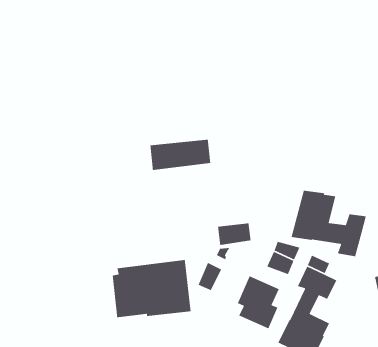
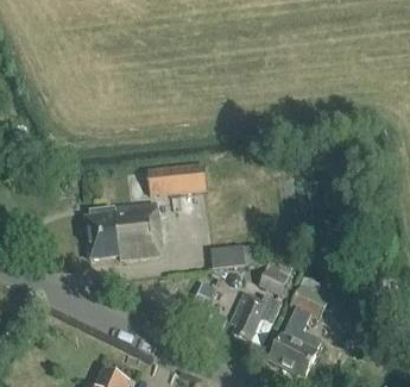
building: [290,190,367,257] -> none
building: [112,259,191,318] -> [84,201,162,258]

